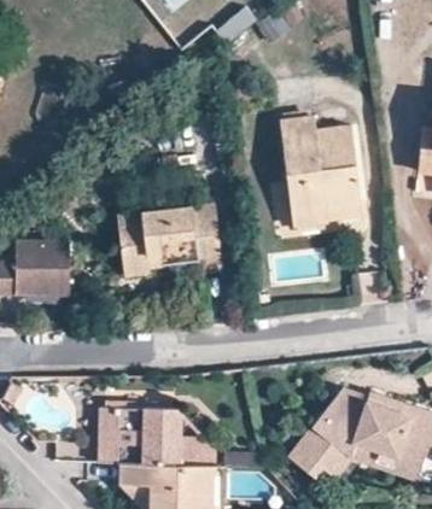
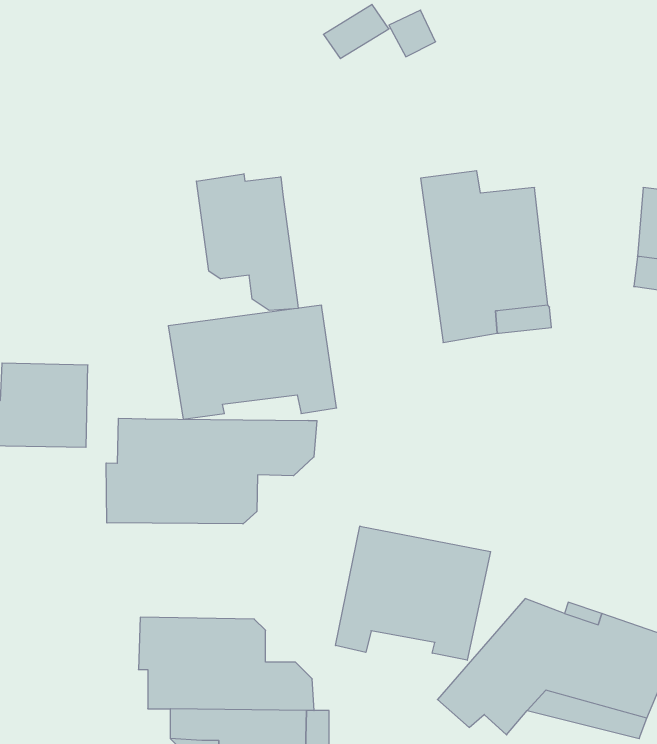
building: none -> [196,174,298,310]
building: none -> [106,418,317,524]
building: none -> [336,526,491,660]

